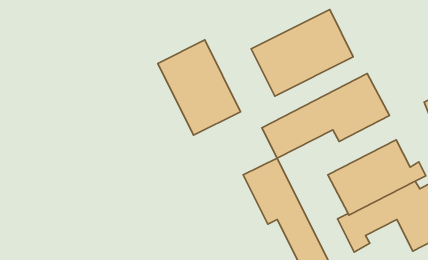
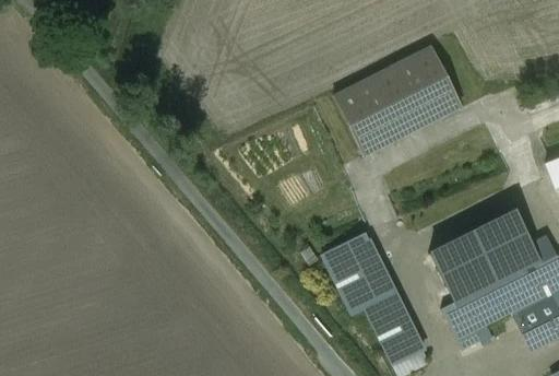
building: [158,40,241,135] -> none
building: [262,73,389,158] -> none

